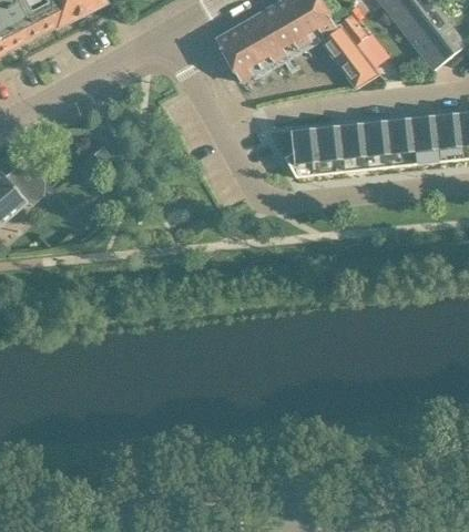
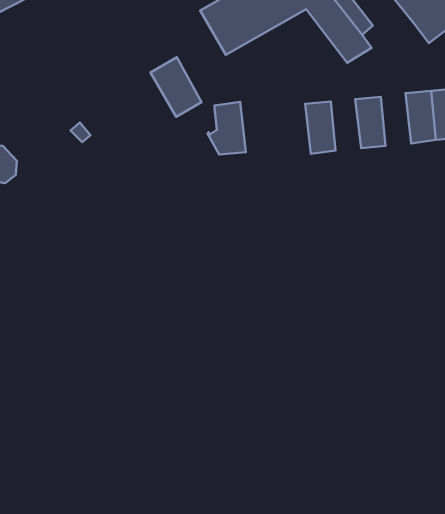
building: none -> [151,57,201,117]
building: [390,116,419,166] -> none
building: [343,122,371,171] -> none
building: [287,126,324,176] -> [207,102,246,154]

